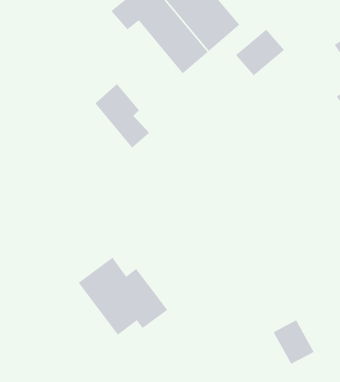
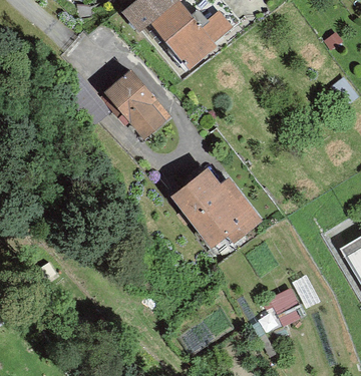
building: [235,29,285,76] -> none
building: [78,257,168,336] -> [174,172,255,243]

